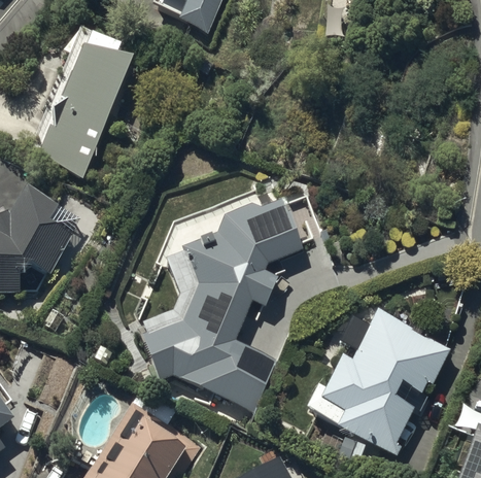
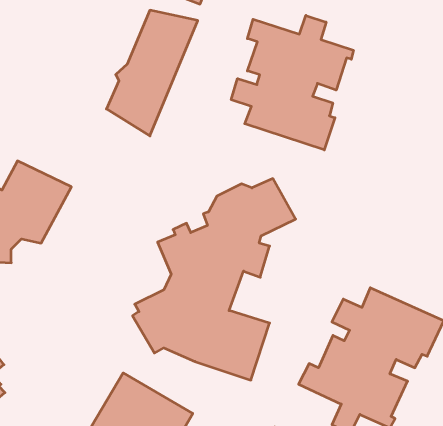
building: none -> [231,15,353,150]
building: [40,50,131,175] -> [106,10,198,136]

